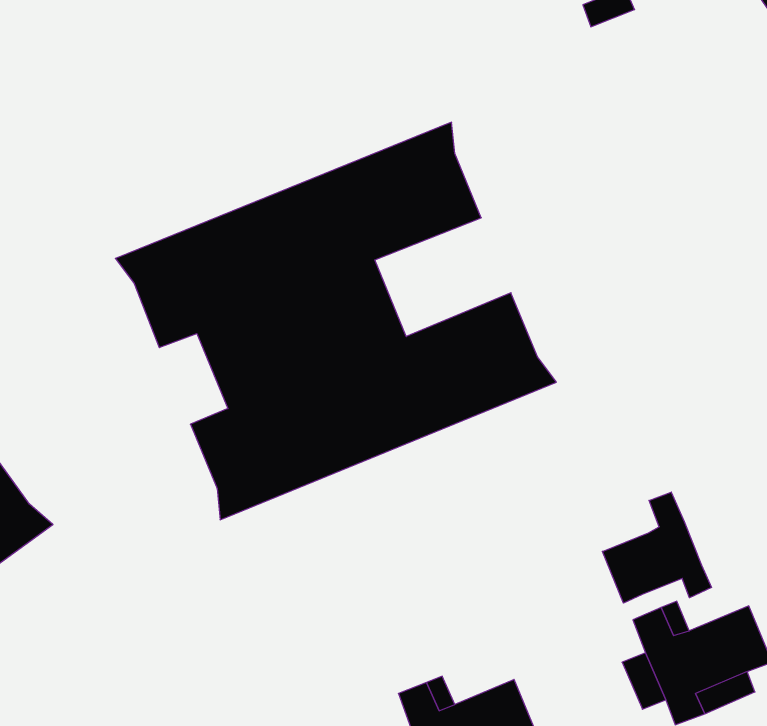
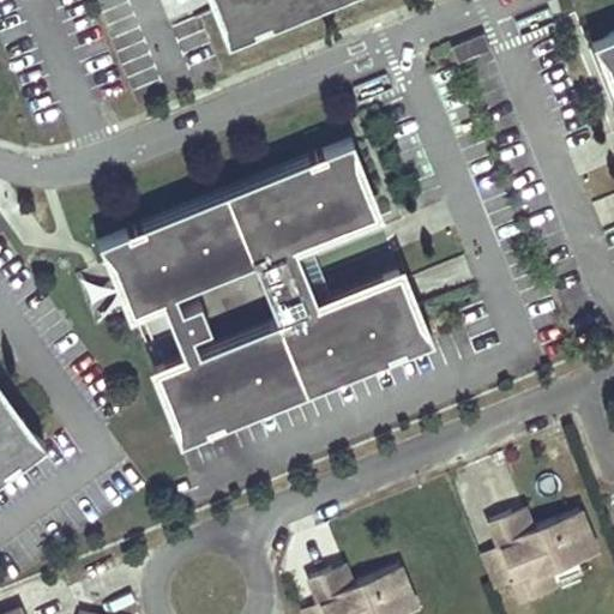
building: [602,492,711,603] -> none

